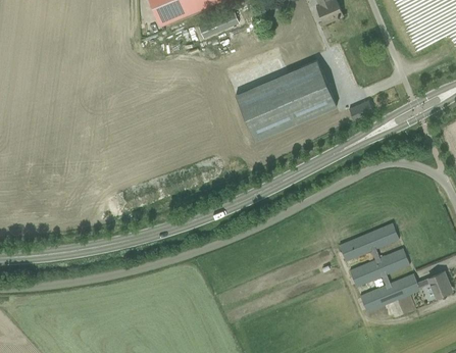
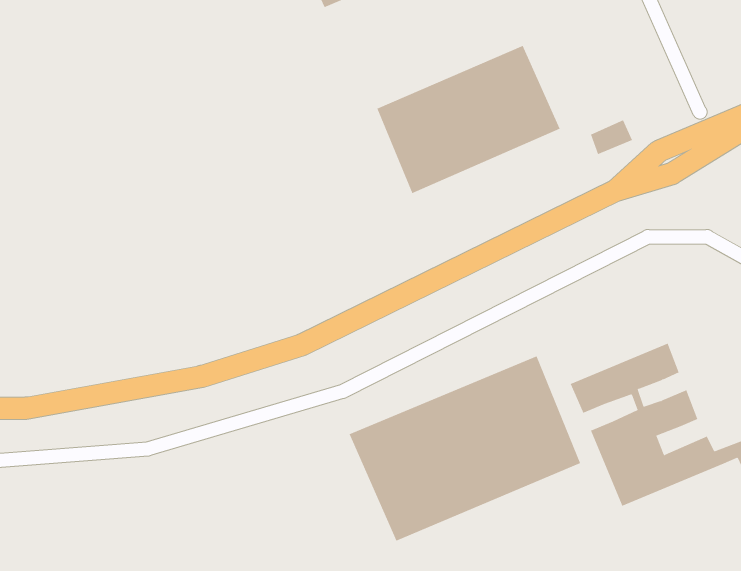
building: none -> [349,356,581,542]

